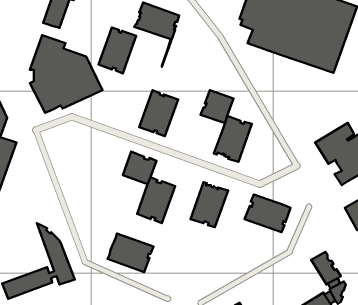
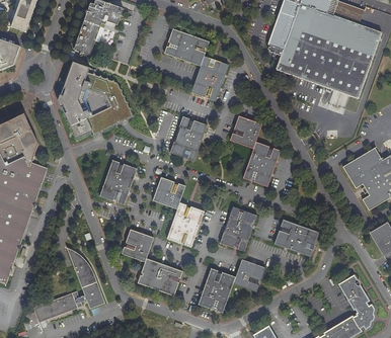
building: [98,28,136,74] -> [190,56,228,101]
building: none -> [98,159,137,204]
building: none -> [121,228,153,261]
building: none -> [197,259,264,313]

